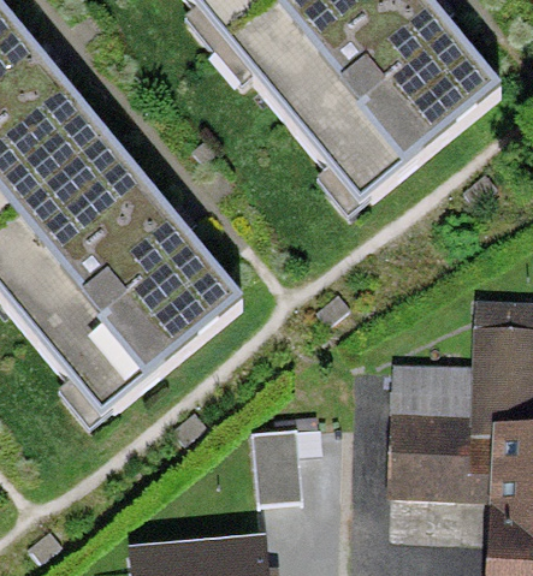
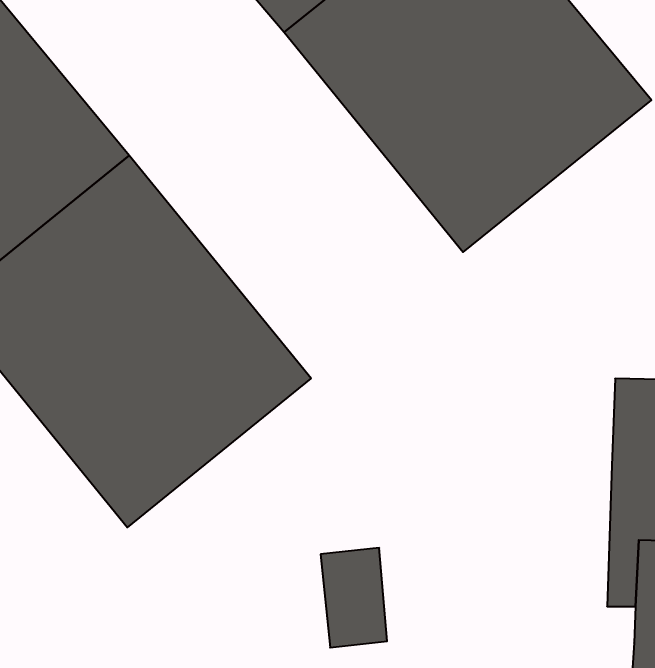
building: [389,363,492,500] -> none

